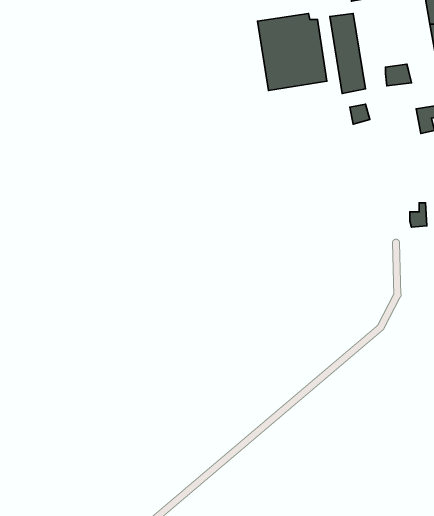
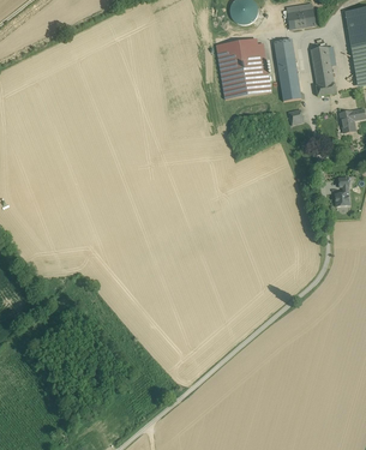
building: none -> [311,44,336,79]

